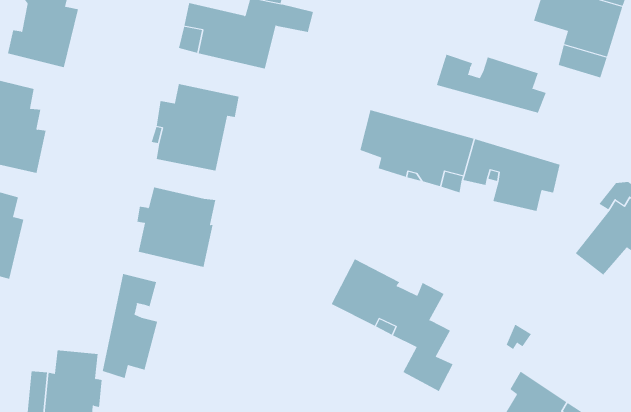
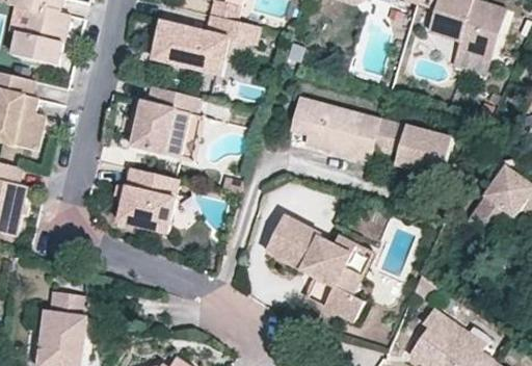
building: [436,54,546,113] -> none
building: [102,273,158,379] -> none

